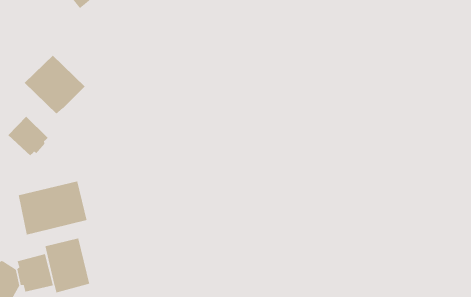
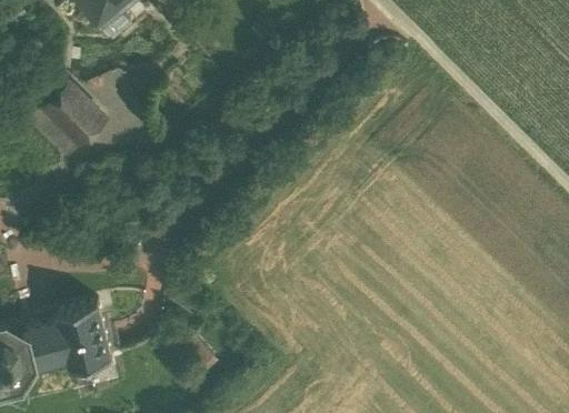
building: [8,116,49,156] -> none
building: [18,180,87,236] -> none

